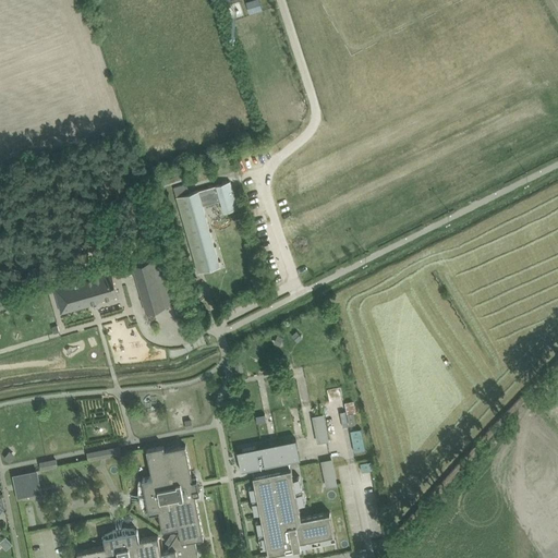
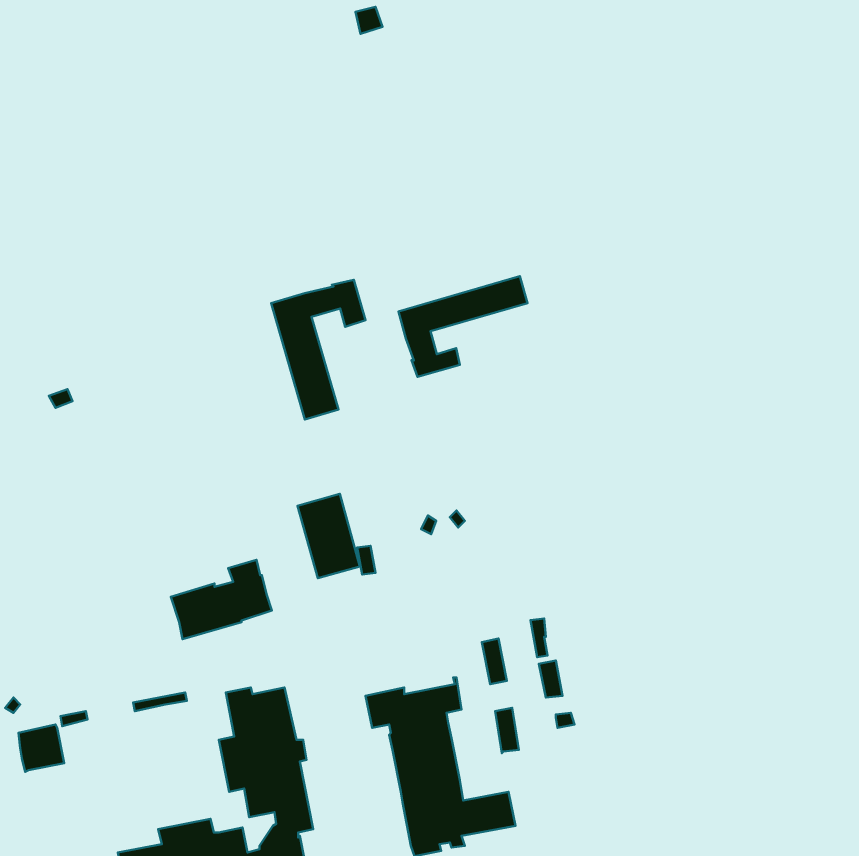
building: none -> [398,276,527,377]
building: [132,260,172,315] -> [298,494,360,578]
building: [52,265,118,316] -> [171,560,272,639]

